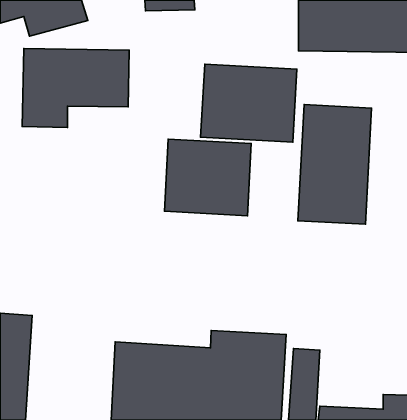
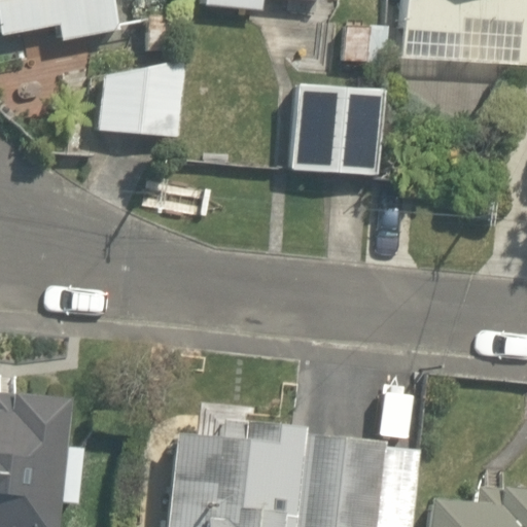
building: [298,105,372,224] -> none
building: [165,139,251,216] -> none

